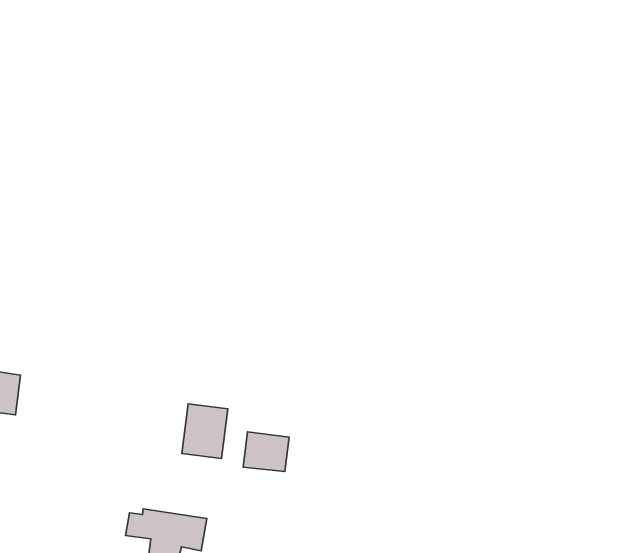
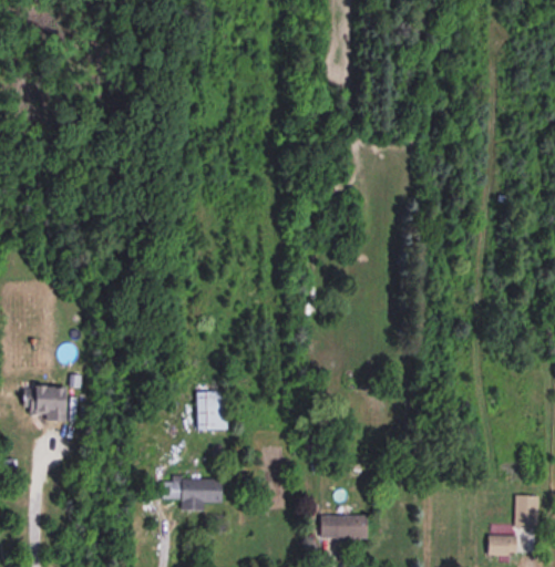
building: [243,432,289,471] -> none

